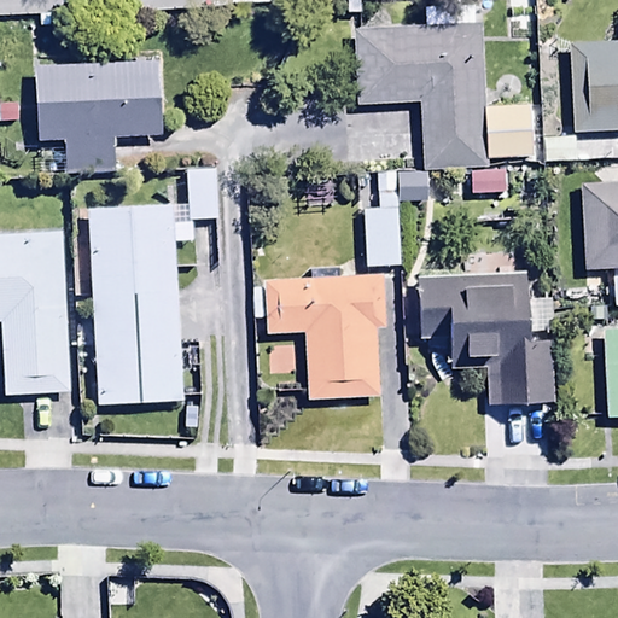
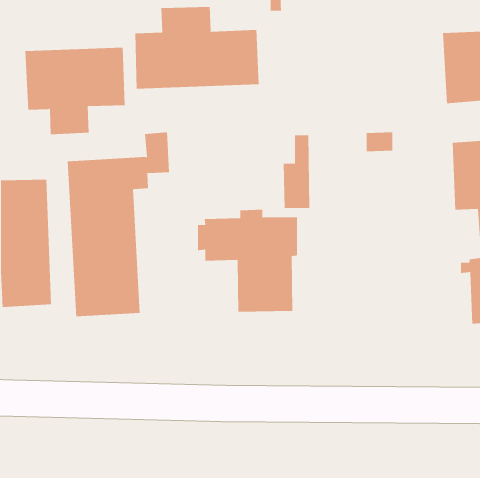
building: [354,5,531,169] -> none
building: none -> [135,6,259,89]
building: [419,276,555,402] -> none

